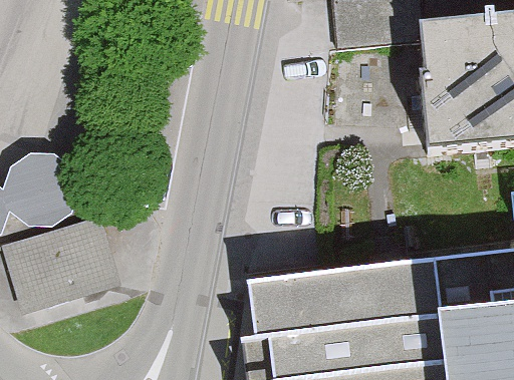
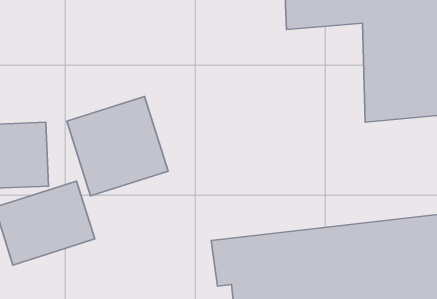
building: none -> [67,96,168,196]

